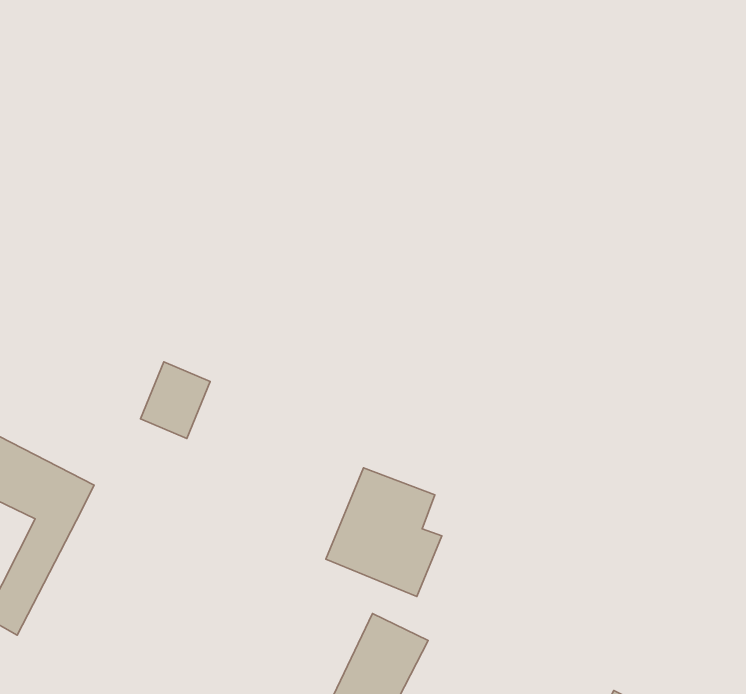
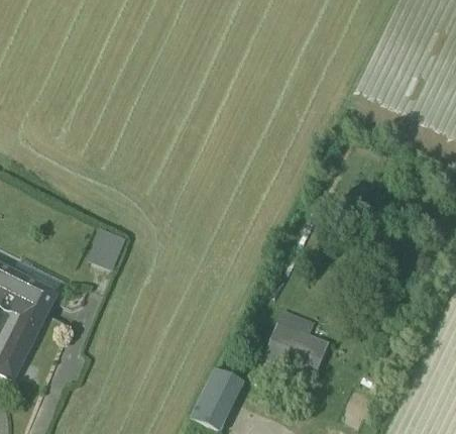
building: [326,468,442,597] -> [264,305,330,377]

